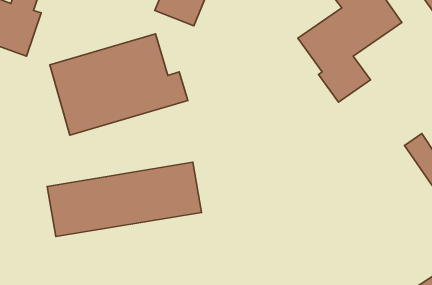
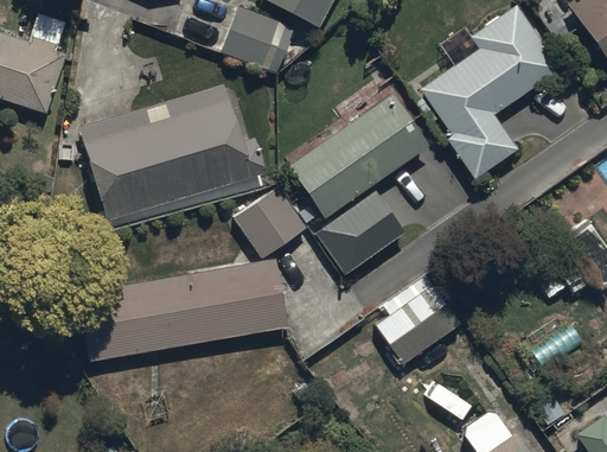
building: none -> [288,93,428,217]
building: none -> [234,189,305,260]
building: none -> [317,190,405,275]
building: none -> [376,276,460,364]

